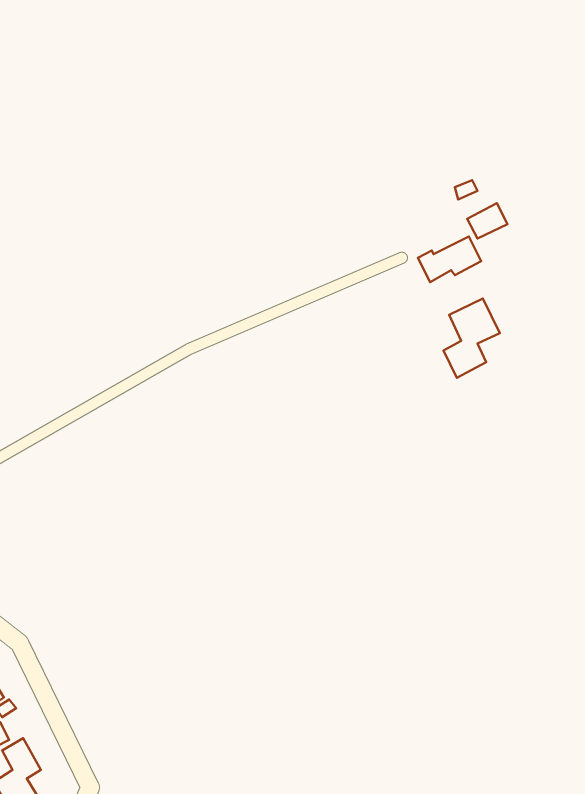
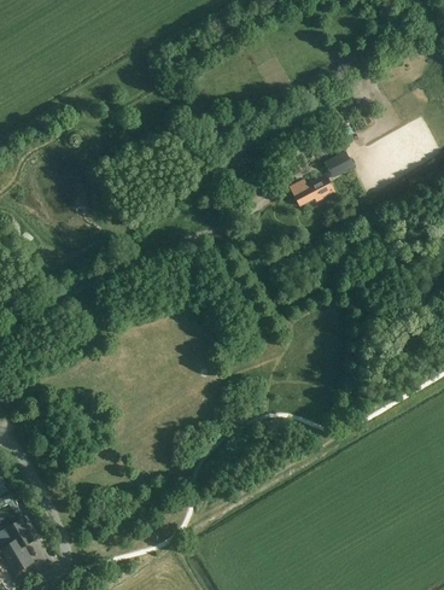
building: [443,299,500,378] -> none

